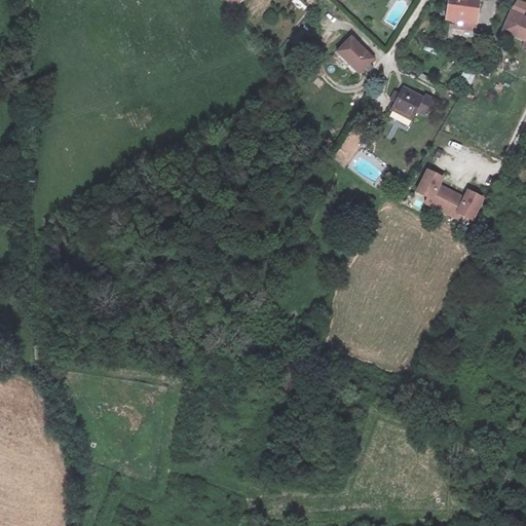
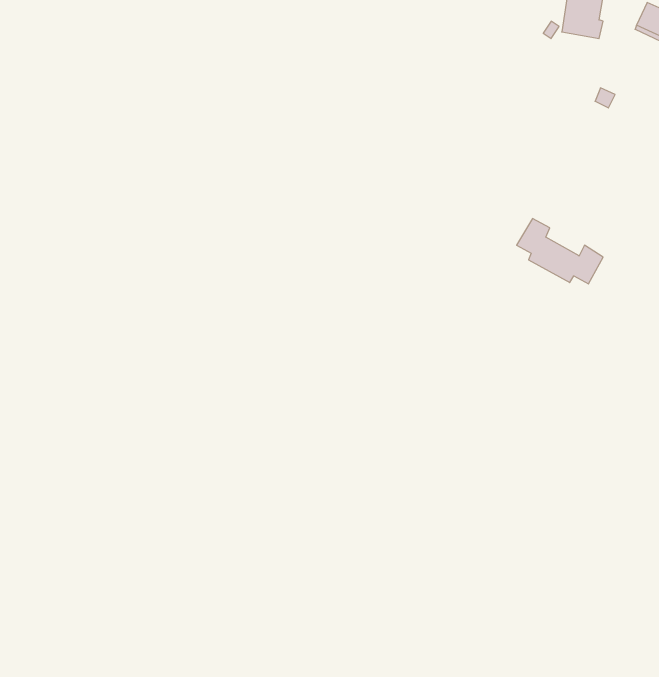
building: [336,37,375,75] -> none
building: [389,83,435,118] -> none

